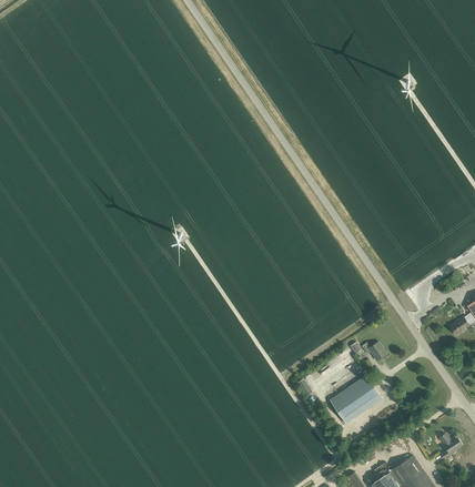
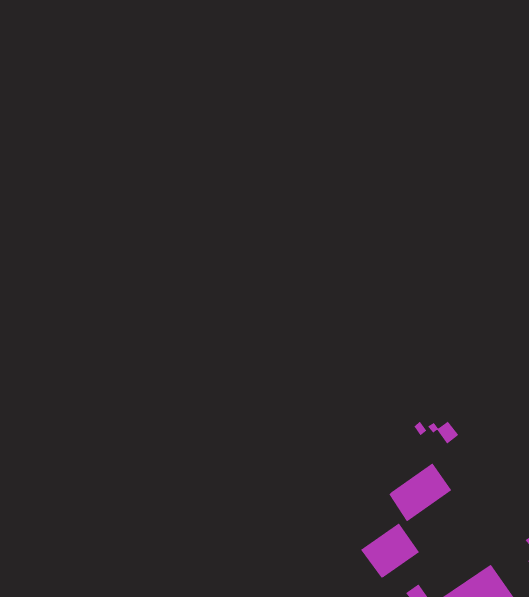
building: none -> [360,522,420,579]

